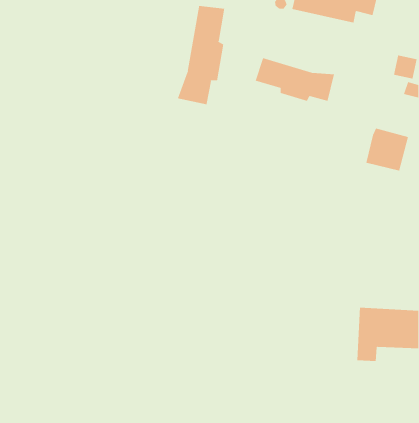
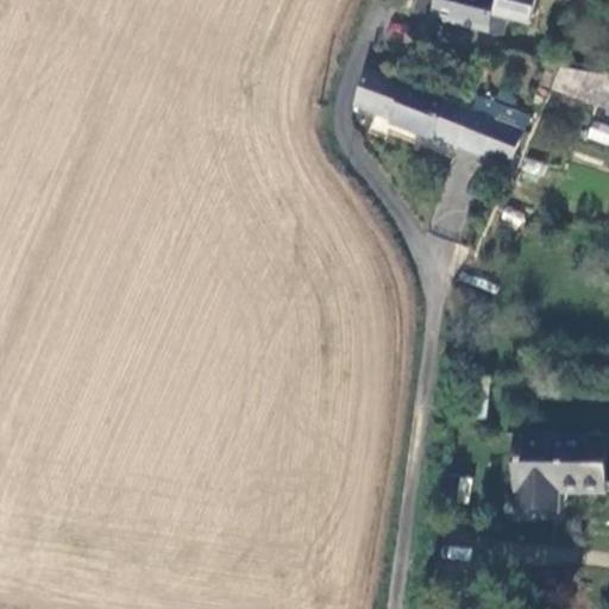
building: [177,5,225,105] -> none
building: [366,128,409,171] -> [469,95,530,157]

